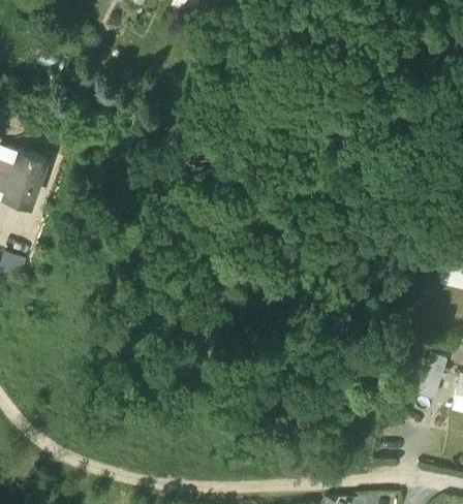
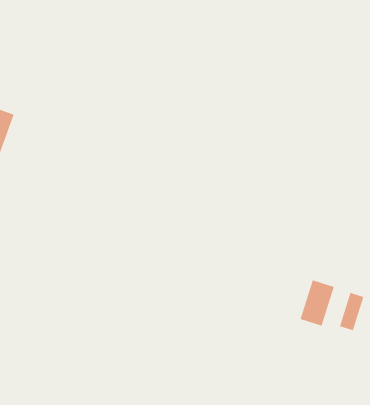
building: none -> [300,280,334,326]

